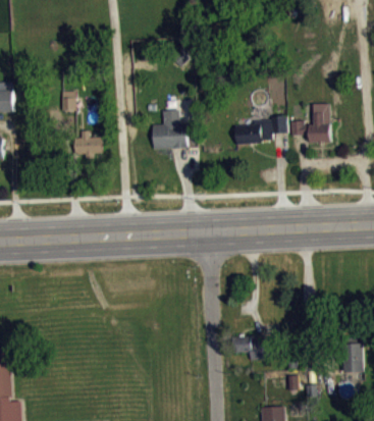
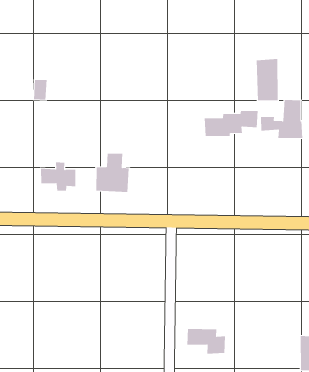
building: none -> [256,58,278,101]
building: [152,109,185,148] -> [96,153,130,193]
building: [65,129,102,158] -> [40,162,76,191]

